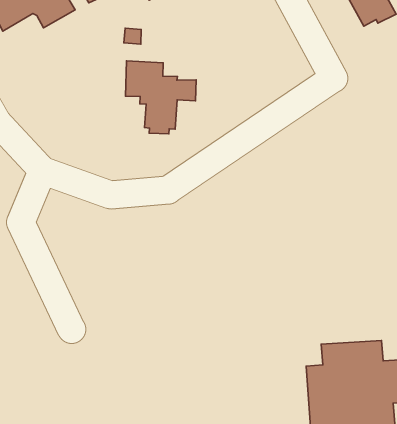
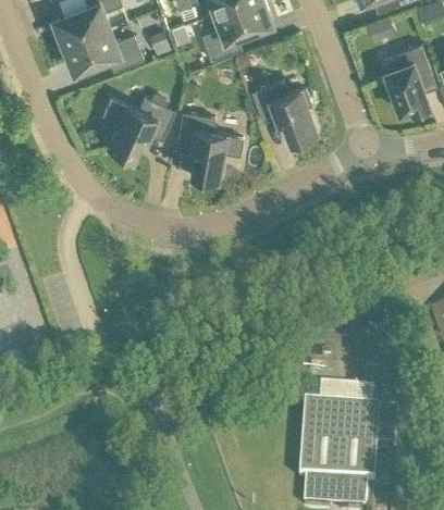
building: none -> [252,80,317,145]
building: none -> [102,97,174,160]

